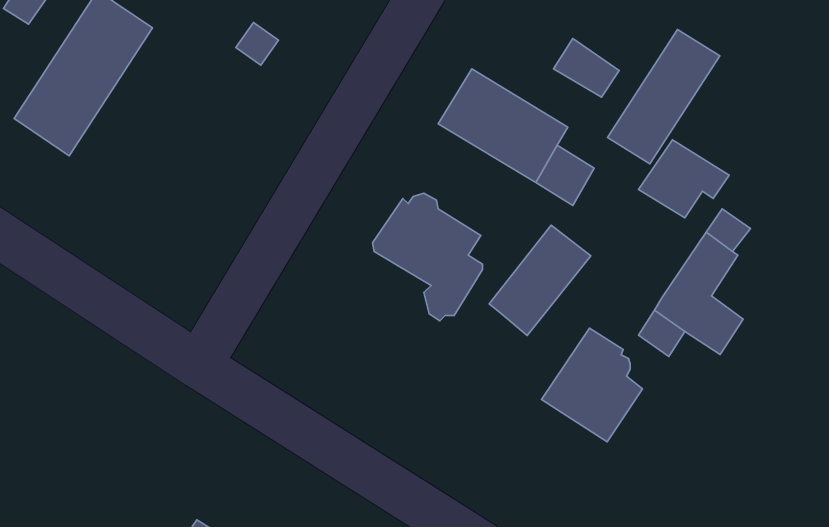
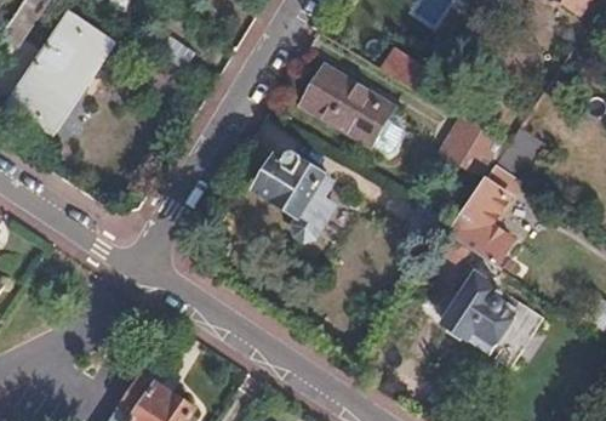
building: [608,29,720,164] -> none
building: [489,225,591,335] -> none
building: [541,328,643,442] -> [444,274,513,352]

